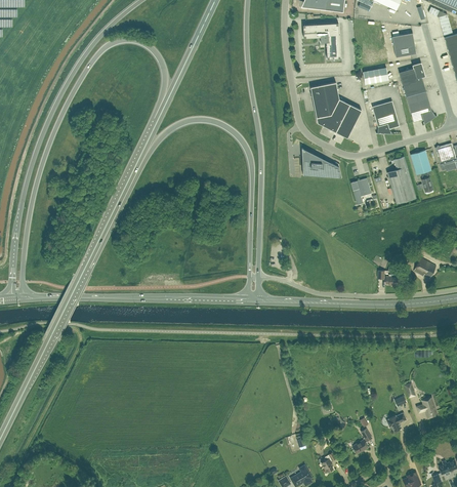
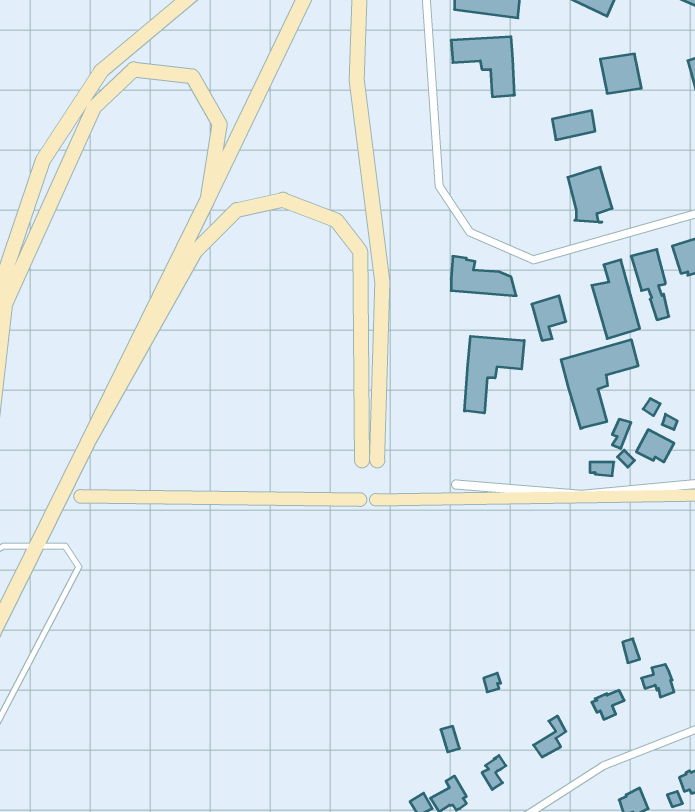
building: [399,62,437,123] -> none
building: [310,82,361,137] -> none
building: none -> [464,336,524,413]
building: none -> [561,340,638,429]

